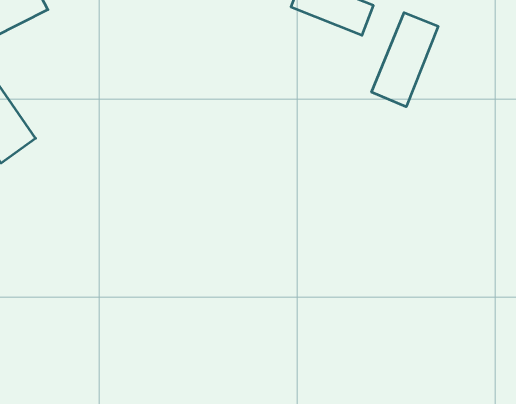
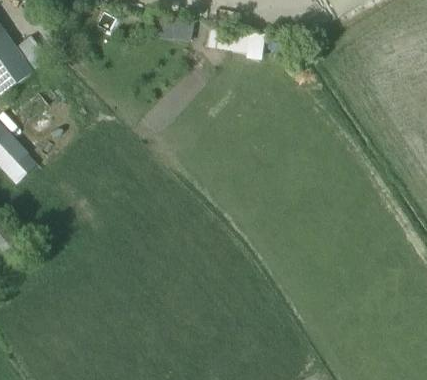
building: [372,13,438,107] -> none

